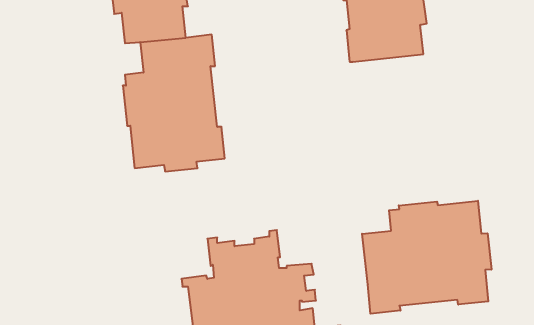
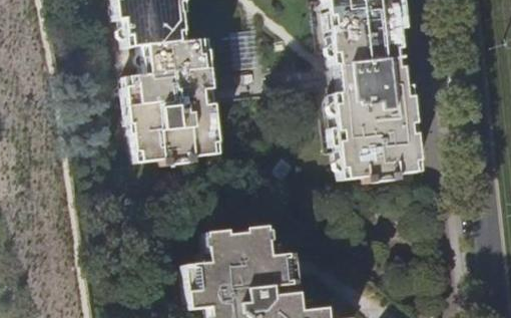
building: none -> [333,57,420,183]
building: [362,201,491,314] -> none

